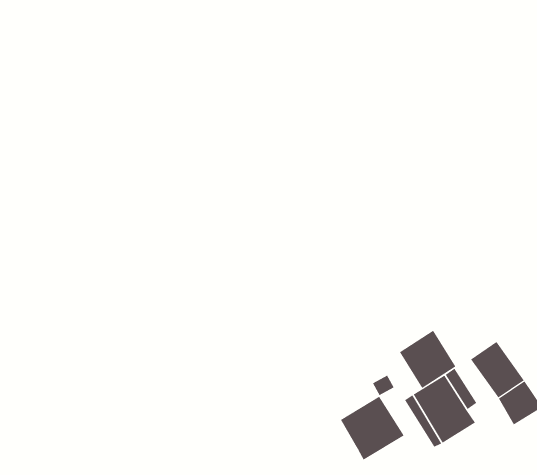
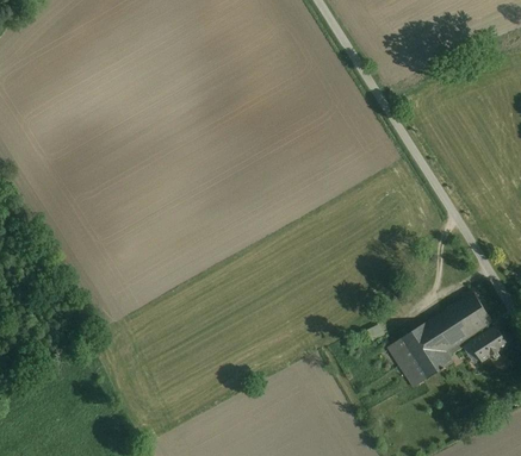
building: [399,330,456,389] -> none
building: [340,396,405,461] -> none

